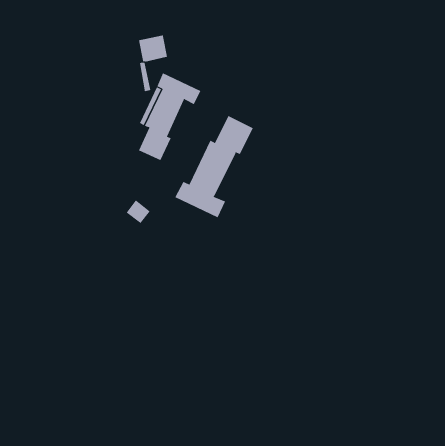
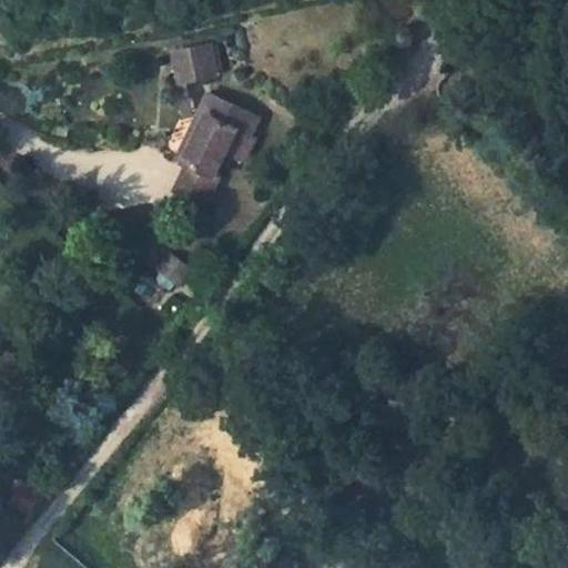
building: [175,115,253,218] -> none

